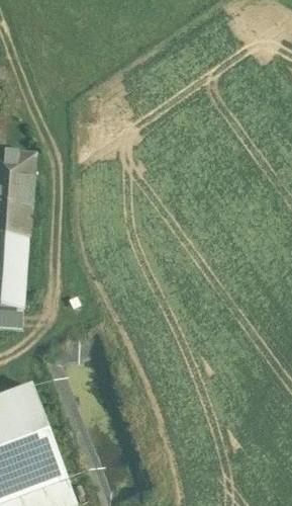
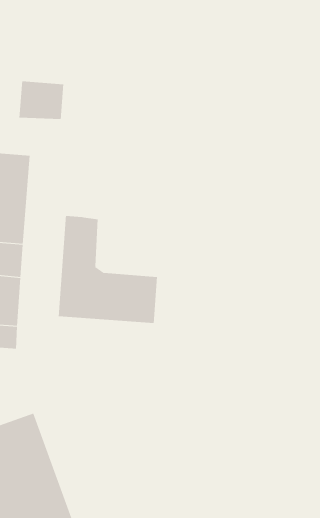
building: none -> [19,80,64,120]
building: none -> [58,215,158,324]

